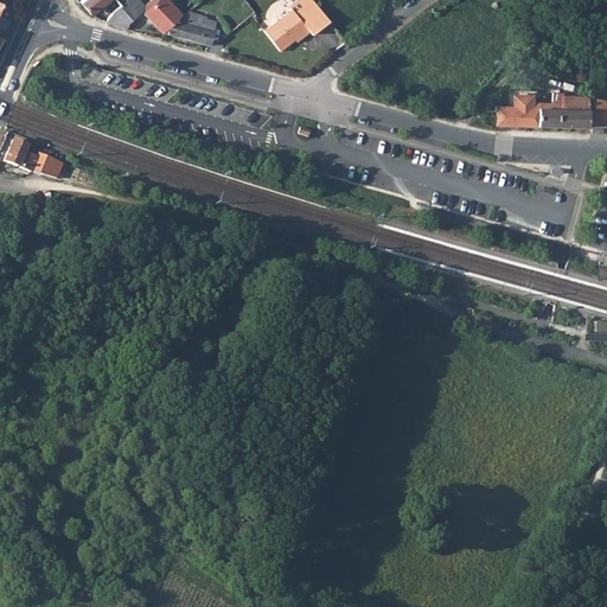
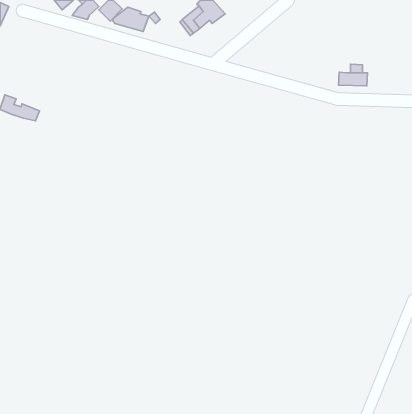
building: [539,95,590,127] -> none

